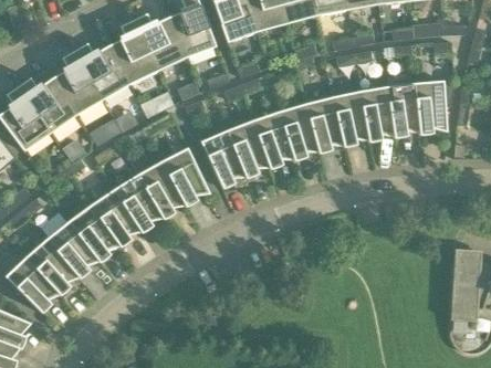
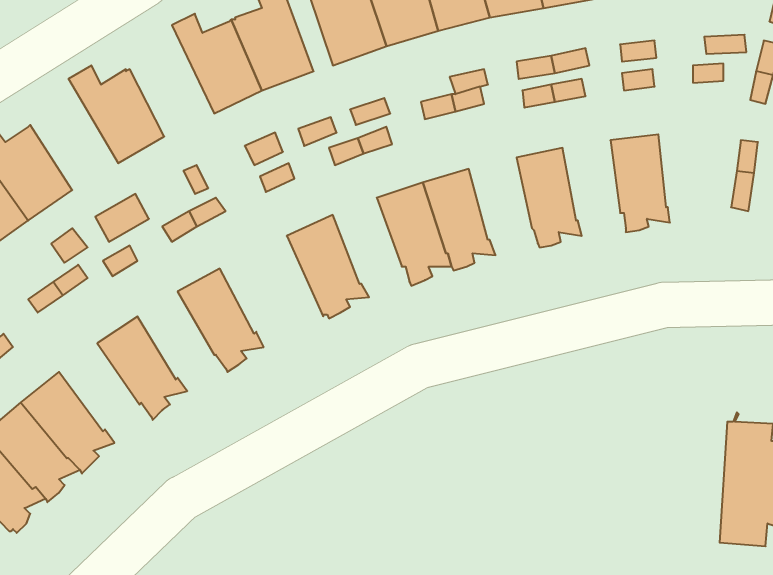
building: [109,20,158,84] -> none
building: [52,51,103,115] -> none
building: [415,81,447,136] -> none
building: [359,86,396,144] -> none
building: [305,96,345,155] -> none
building: [227,119,271,179] -> none
building: [161,147,210,207] -> none
building: [114,174,165,233] -> none
building: [69,203,122,262] -> none

